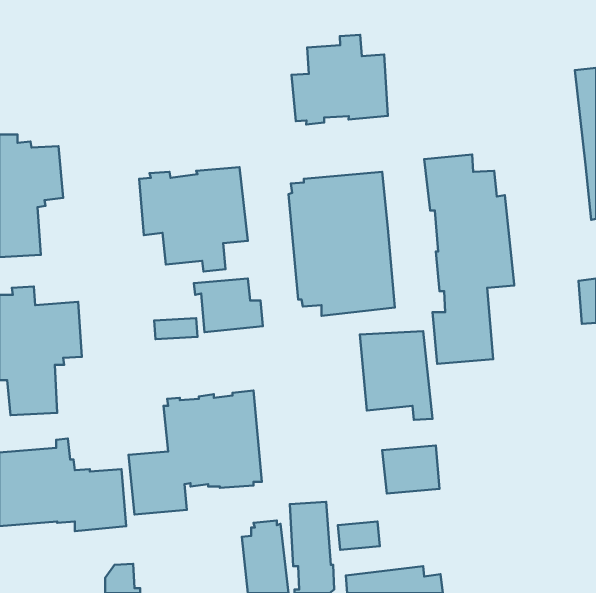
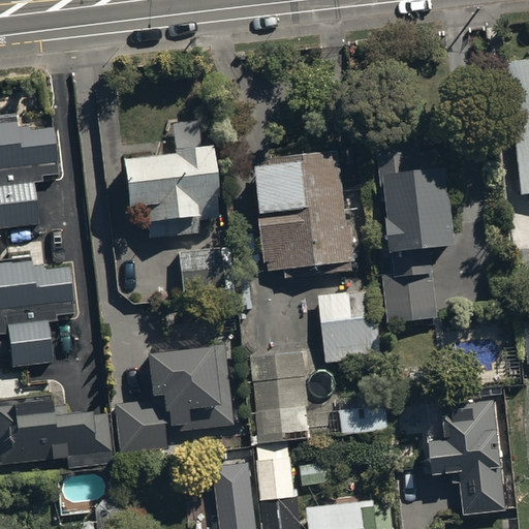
building: [292,35,388,124] -> none
building: none -> [250,348,310,441]
building: none -> [429,393,505,509]

